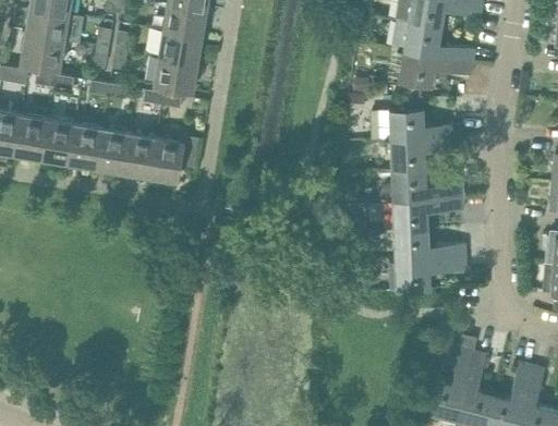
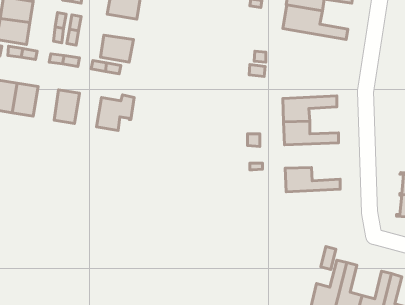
building: [160,31,203,63] -> none
building: [399,51,473,87] -> none
building: [390,108,461,139] -> none
building: [69,124,101,168] -> none
building: [122,133,157,177] -> none
building: [393,197,464,230] -> none
building: [396,257,466,291] -> none

